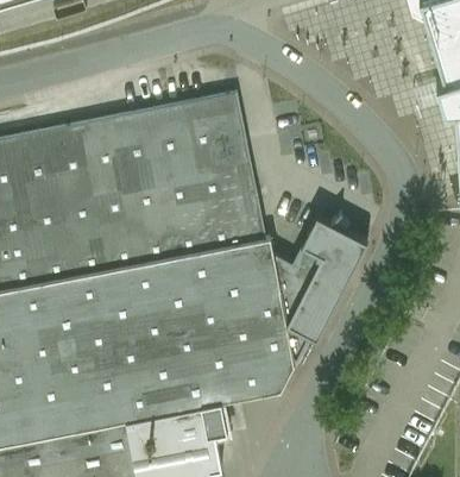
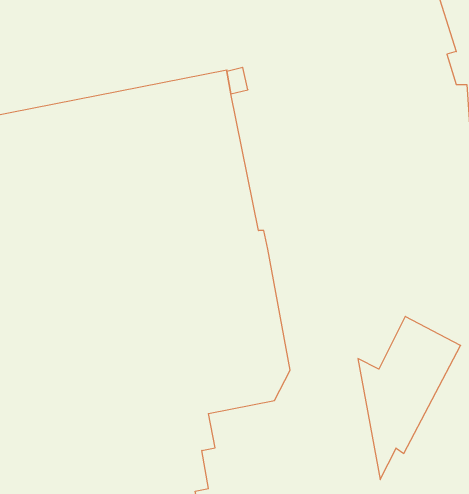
building: [275,215,367,363] -> [358,316,461,480]

